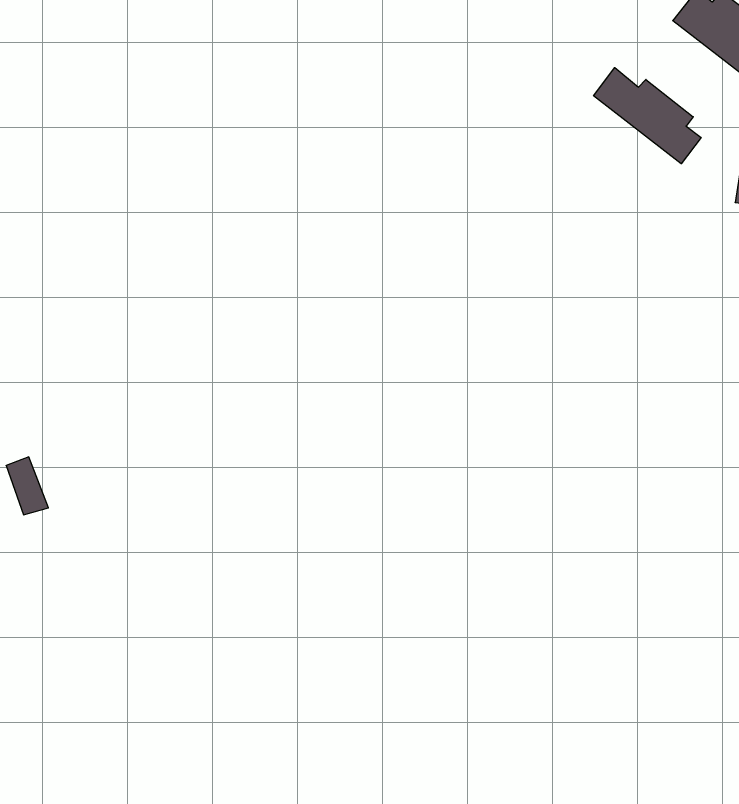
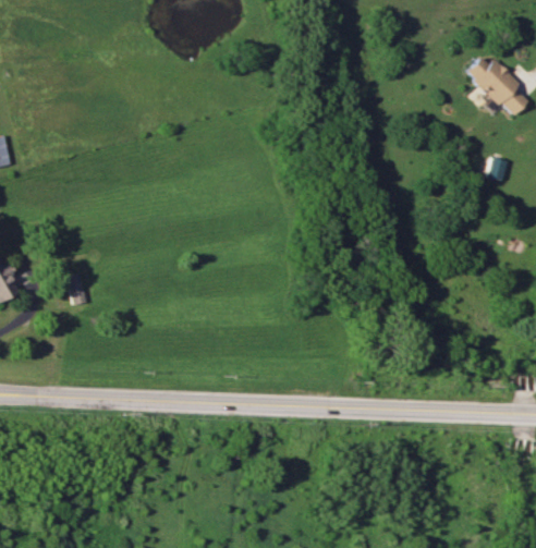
building: [594,68,701,164] -> none

